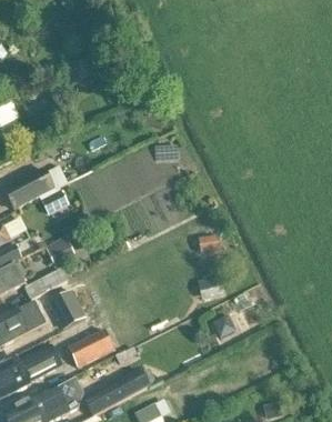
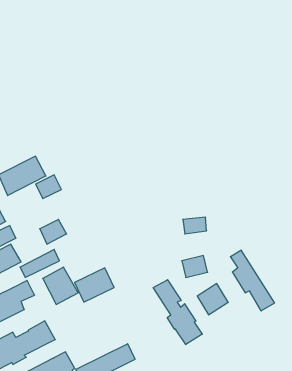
building: none -> [230,250,274,311]
building: none -> [153,280,202,345]
building: [67,332,109,369] -> [75,268,114,302]

